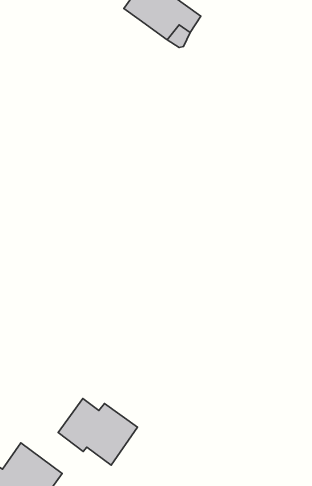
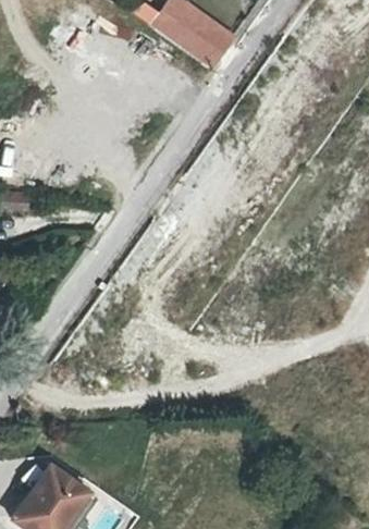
building: [58,399,138,465] -> none

